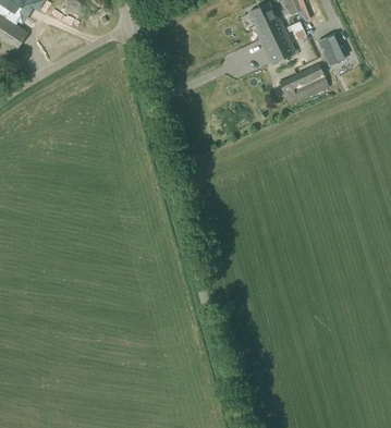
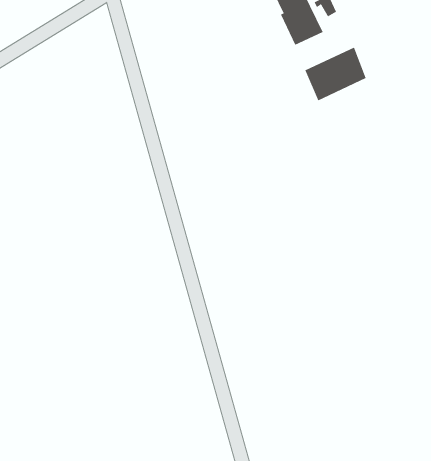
building: [317,35,344,66] -> none

